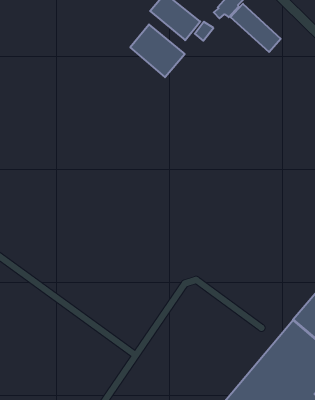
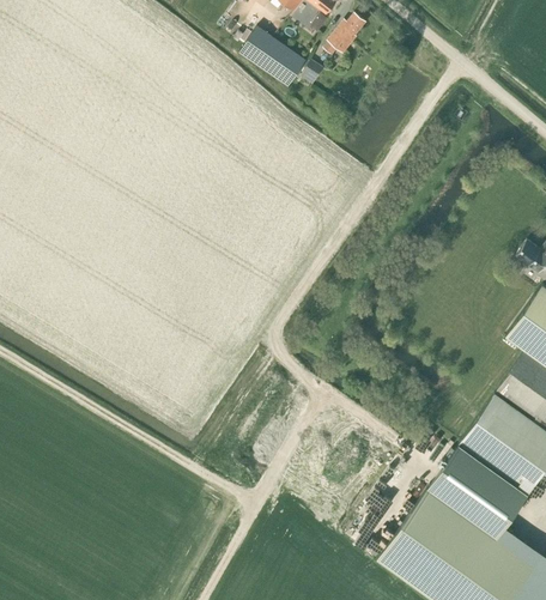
building: [230,4,281,52] -> none
building: [130,24,185,77] -> none

